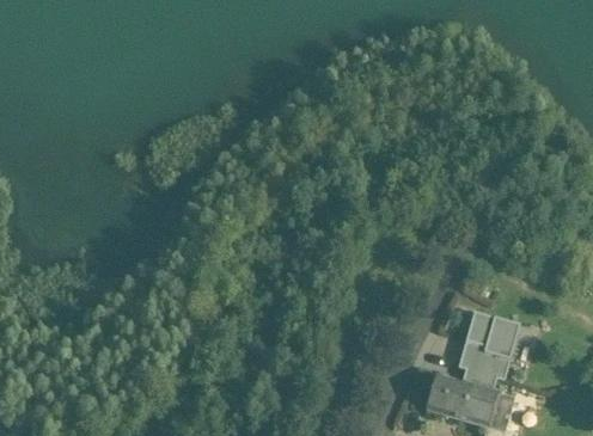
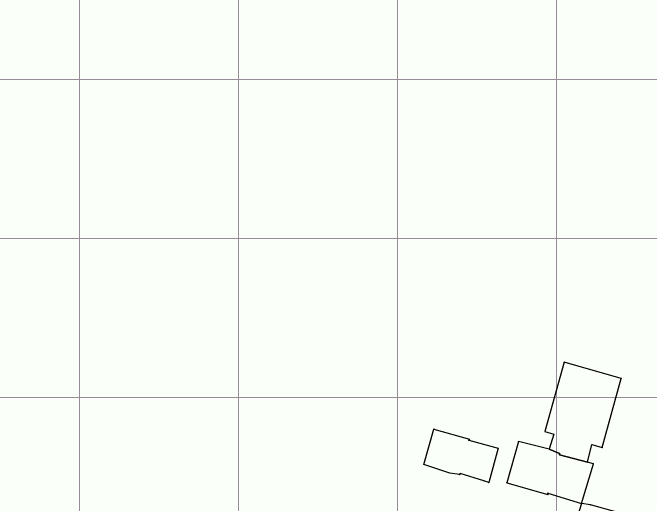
building: none -> [424,429,498,483]

